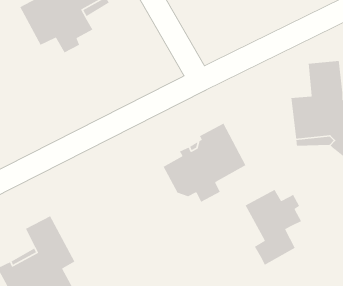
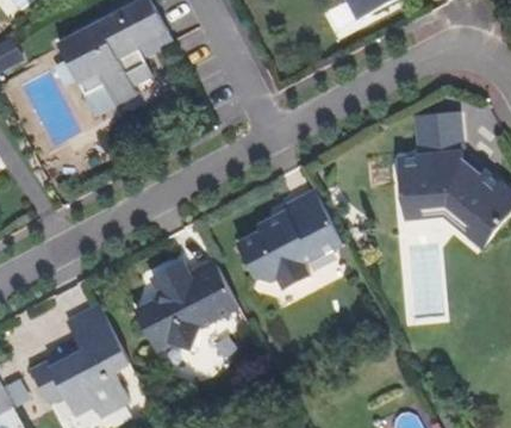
building: none -> [135,260,237,352]
building: [245,189,302,266] -> none

